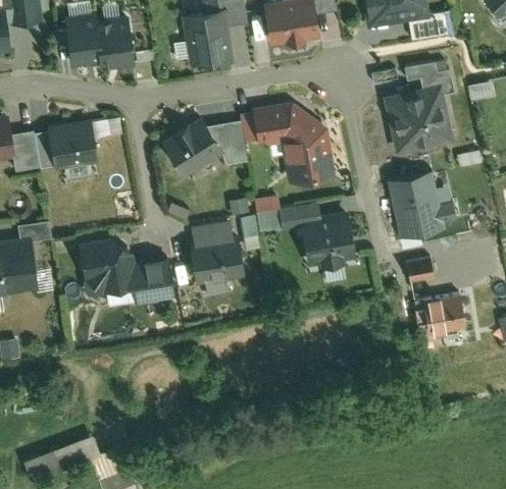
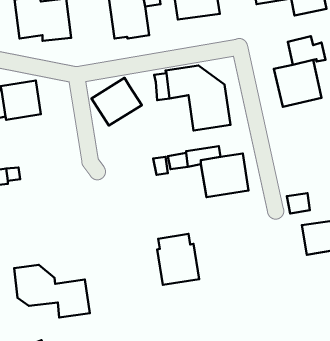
building: [208,121,247,164] -> none
building: [386,171,453,239] -> none
building: [190,221,242,284] -> [157,234,199,285]
building: [86,244,180,310] -> [14,265,90,317]

